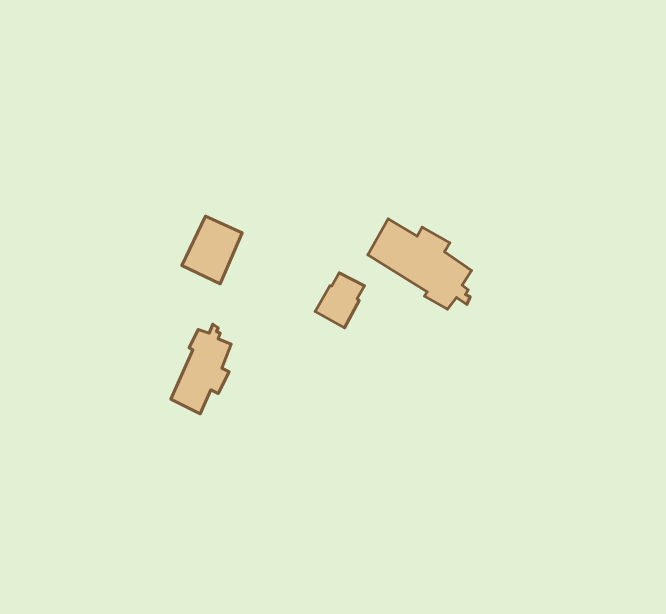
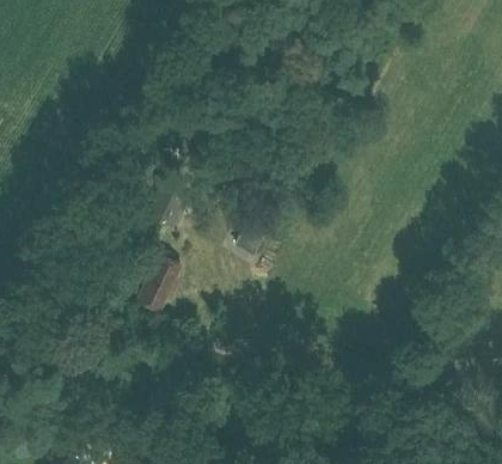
building: [368,219,472,309] -> none

